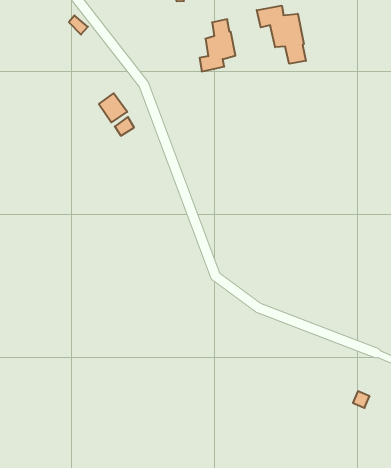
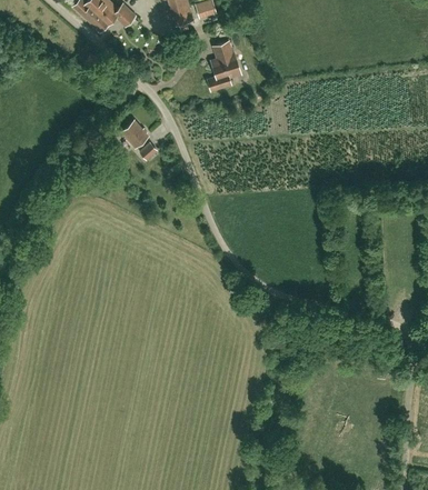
building: [257,6,306,64] -> none

